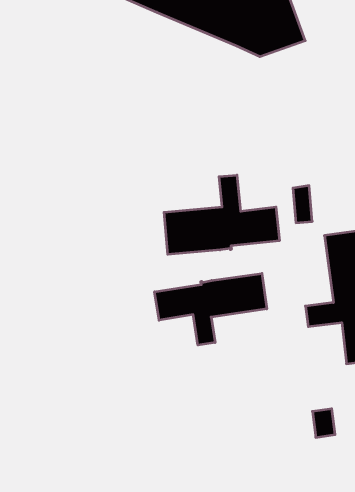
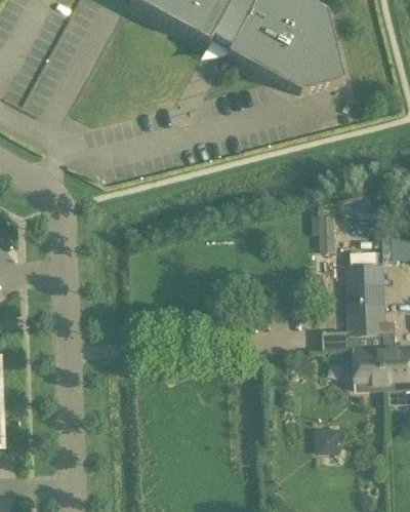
building: [164,175,279,254] -> none
building: [155,273,267,345] -> none

